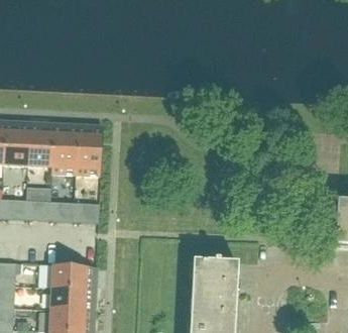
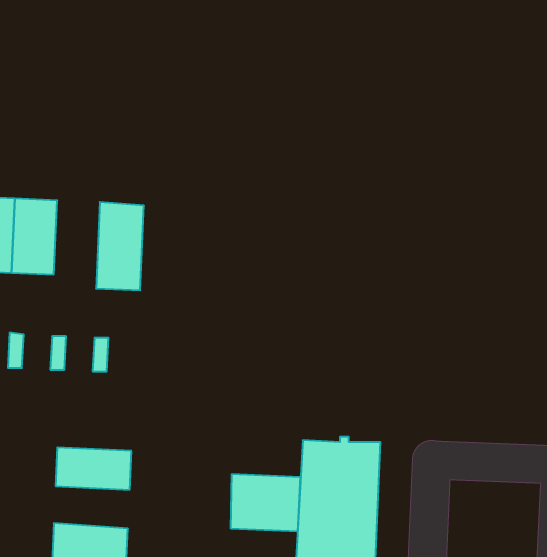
building: [50,123,78,174] -> none
building: none -> [231,474,300,532]
building: [51,287,95,311] -> none

